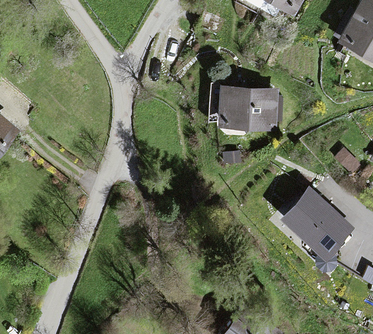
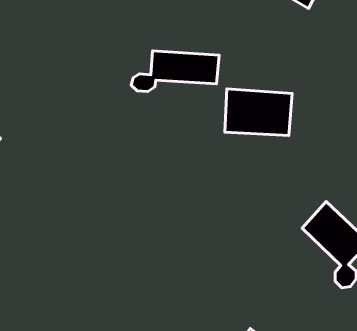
building: none -> [131,51,219,91]

